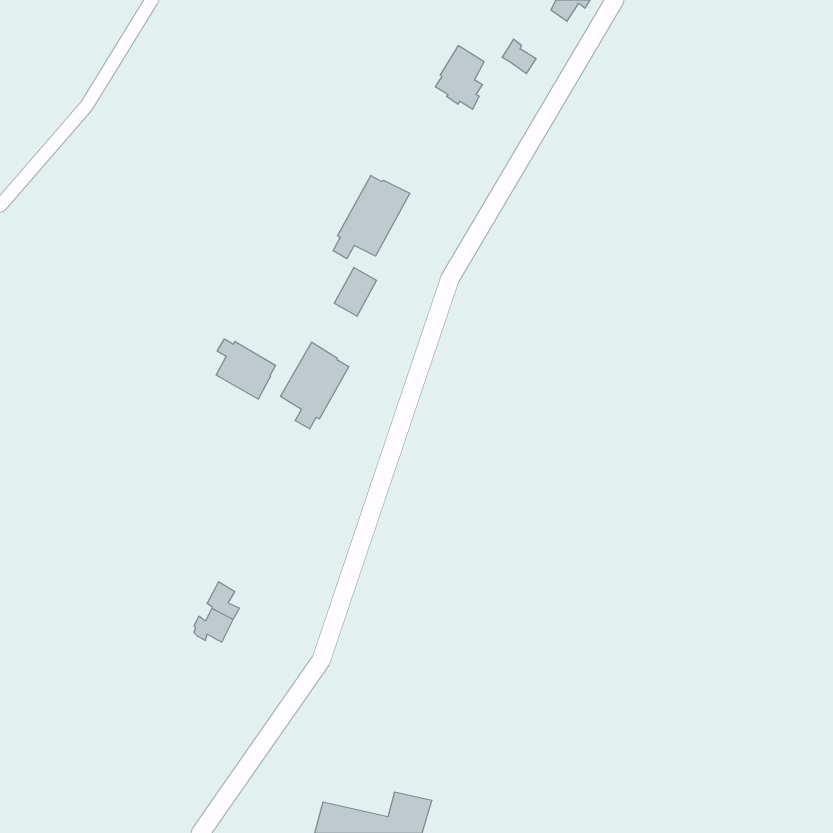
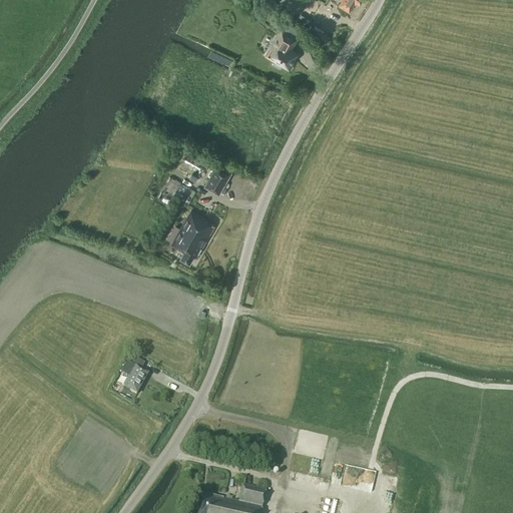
building: [333,175,410,259] -> none
building: [216,339,276,399] -> none

